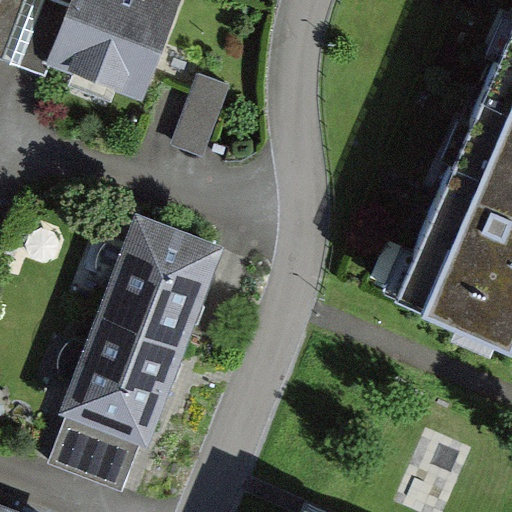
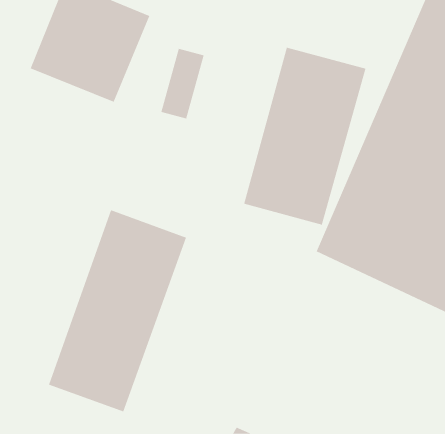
building: none -> [244,47,366,226]

